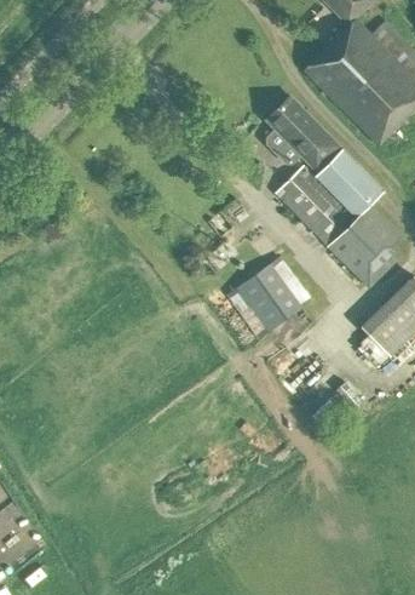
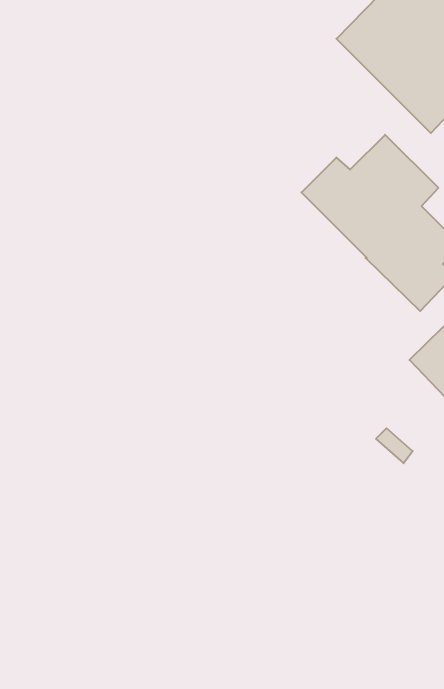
building: [263,96,336,167] -> none
building: [238,257,310,330] -> none

